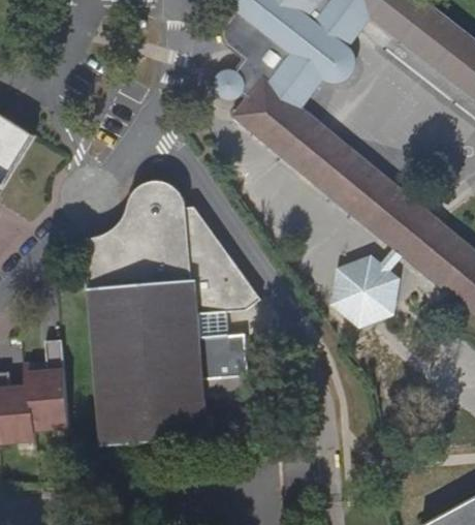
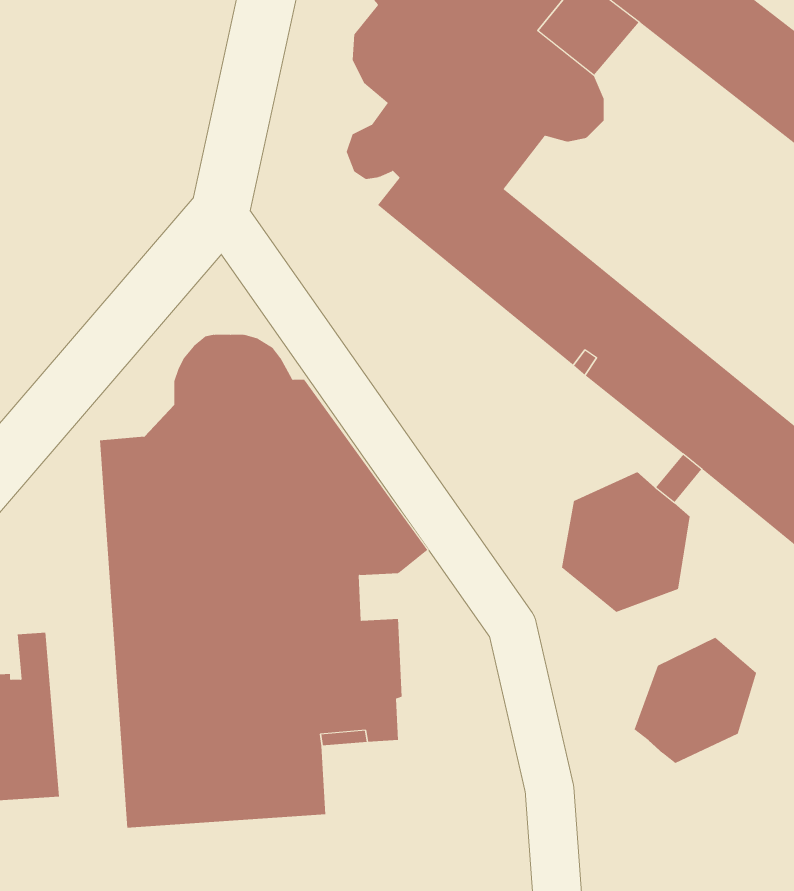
building: none -> [634,637,757,764]

